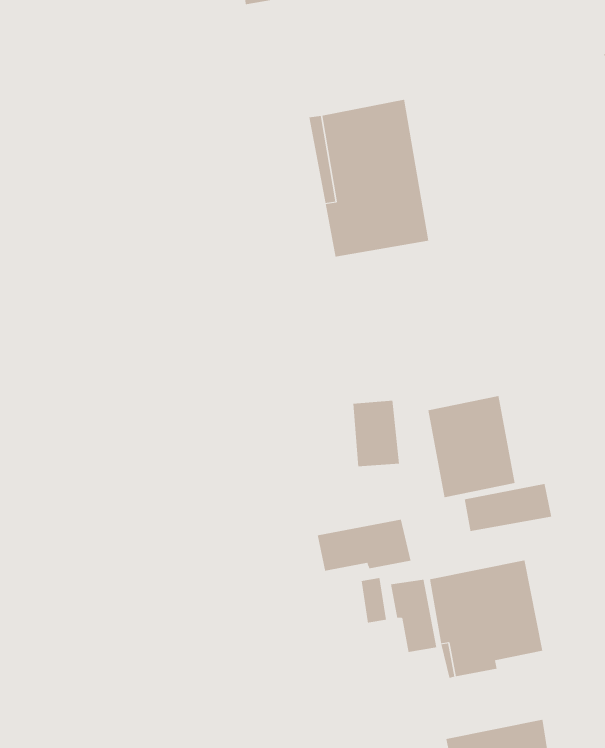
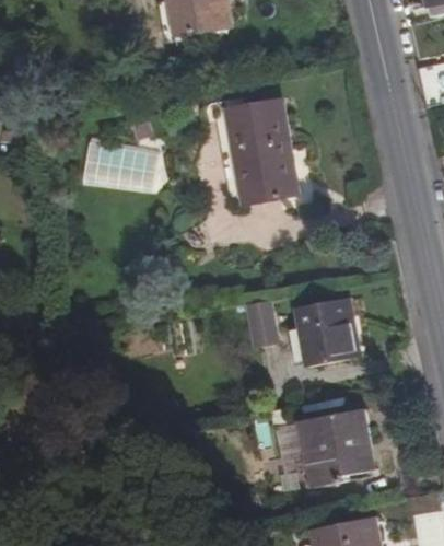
building: none -> [82,143,153,191]
building: [464,483,552,532] -> none
building: [317,519,411,571] -> none

